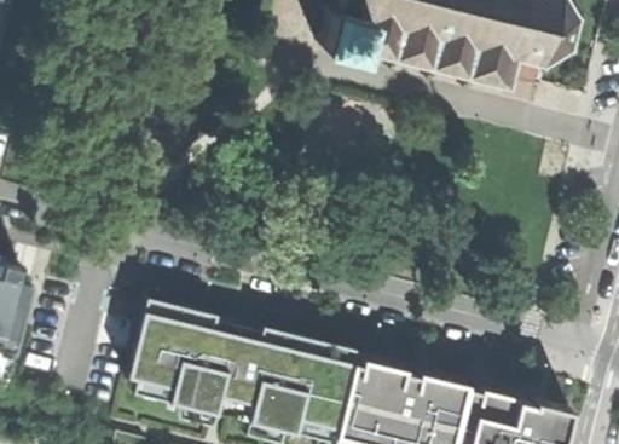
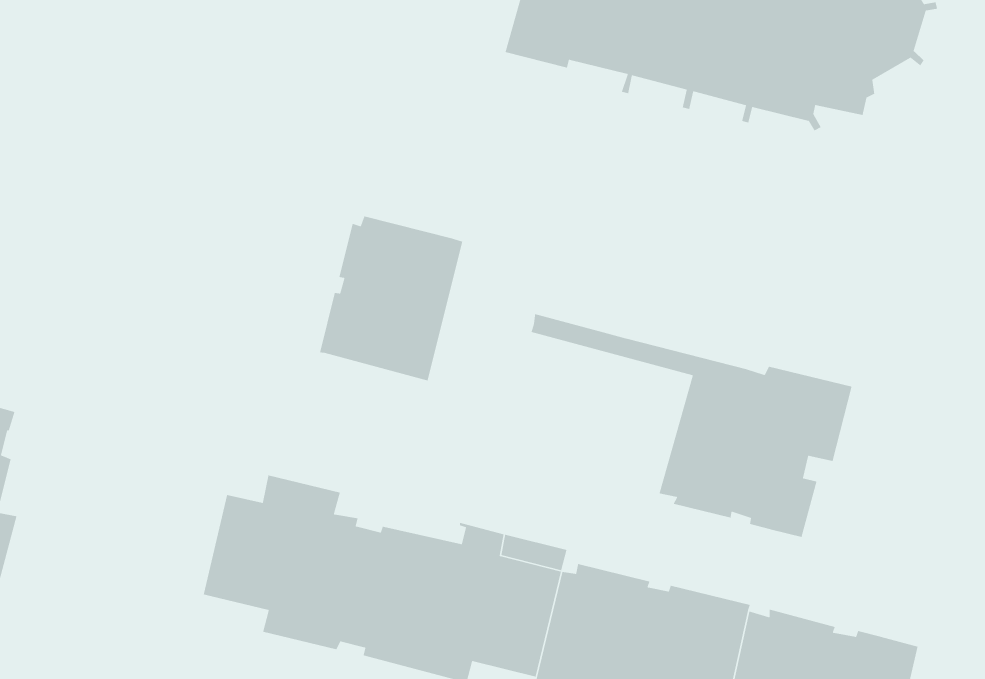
building: none -> [319,216,463,381]
building: none -> [530,313,853,538]

